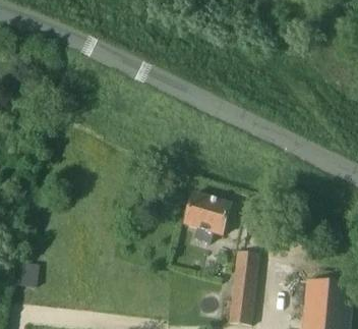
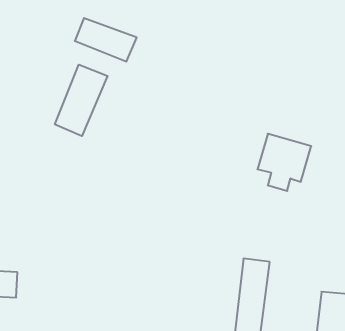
building: none -> [55,65,108,136]
building: [183,193,231,243] -> [257,134,311,191]

